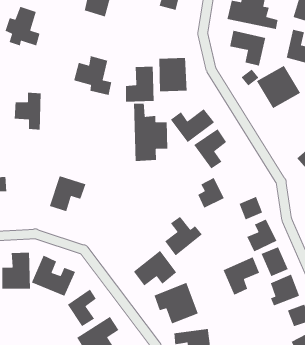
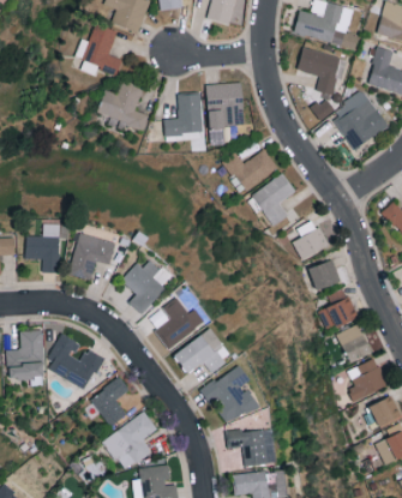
building: [5,6,41,46] -> [76,24,121,76]
building: [14,92,41,131] -> [24,223,59,272]
building: [133,103,168,162] -> none
building: [197,177,225,209] -> [293,218,328,259]
building: none -> [122,256,172,313]
building: [164,216,203,256] -> [155,298,204,349]
building: [223,256,260,296] -> none

